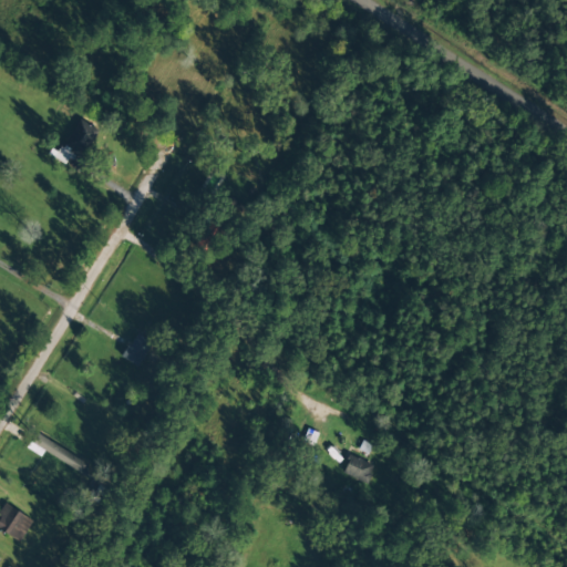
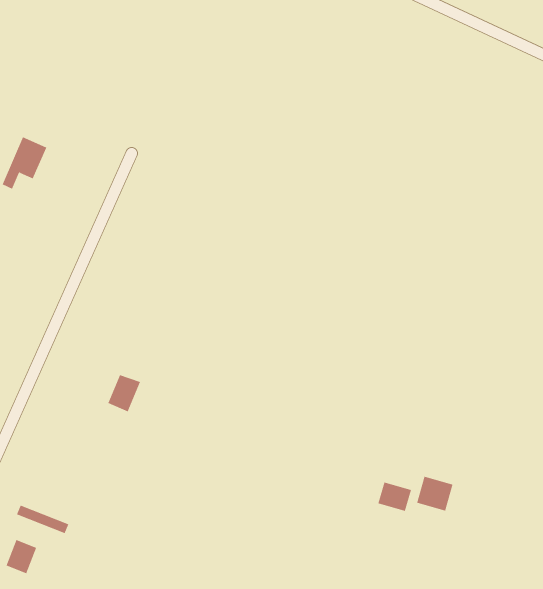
building: none -> [417,476,453,511]
building: none -> [6,539,37,574]

